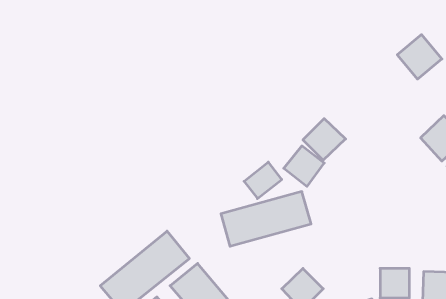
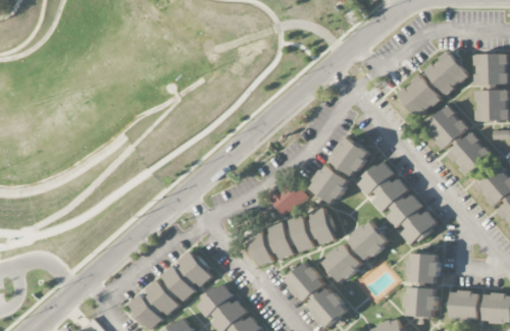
building: none -> [397,75,442,119]
building: none -> [423,106,467,150]
building: none -> [357,160,438,249]
building: none -> [321,220,390,283]
building: none -> [408,253,439,284]
building: none -> [285,261,326,302]

